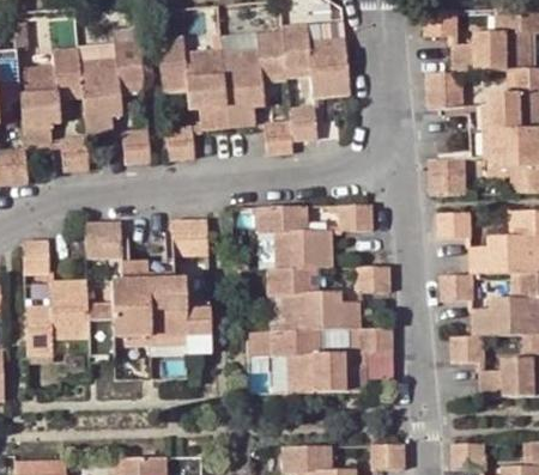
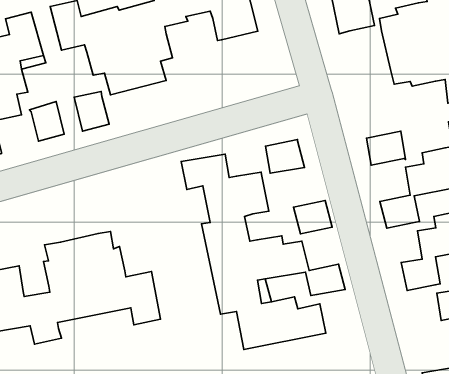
building: [264,106,317,154] -> none
building: [428,159,465,196] -> none
building: [171,219,208,255] -> none
building: [84,221,122,258] -> none

